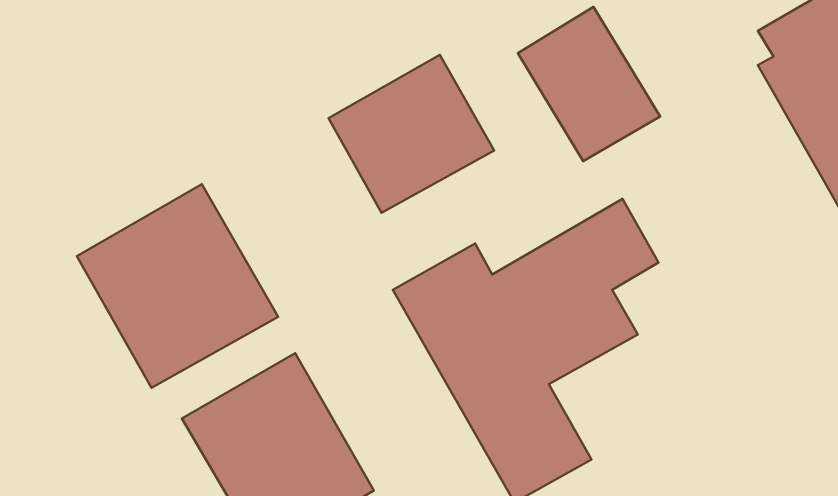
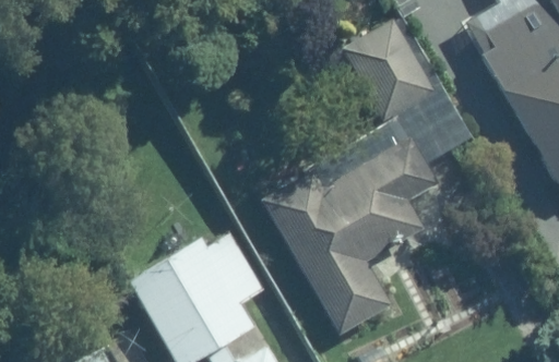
building: [329,55,494,213] -> none
building: [77,184,278,388] -> none

